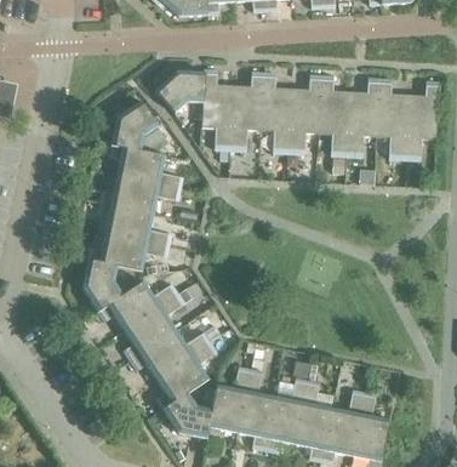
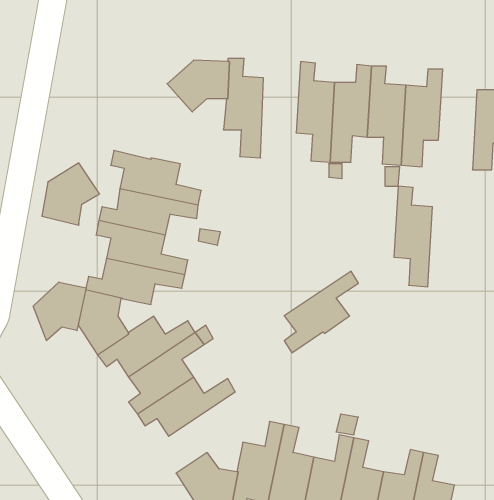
building: [232,70,264,150] -> none
building: [377,76,409,159] -> [394,186,432,287]
building: [112,99,159,150] -> [42,163,100,225]
building: none -> [33,282,86,341]
building: [156,341,217,408] -> [284,271,358,353]

